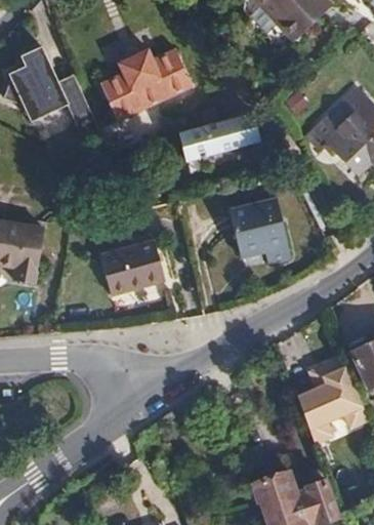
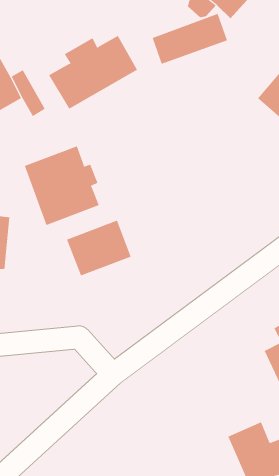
building: [188,115,266,163] -> [152,13,228,64]
building: none -> [24,146,99,226]
building: [230,199,289,262] -> none

